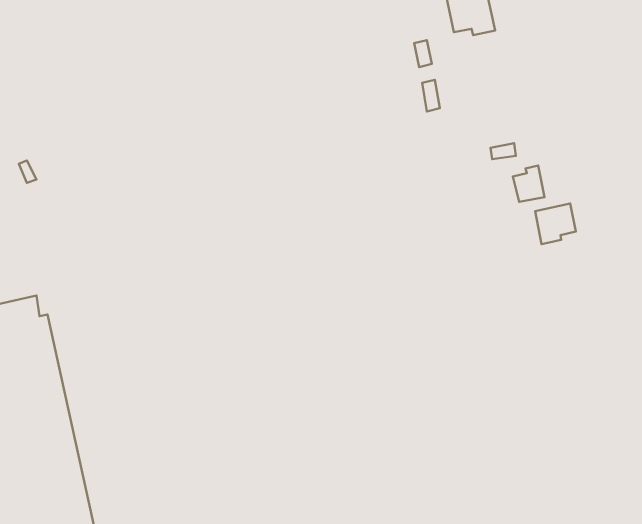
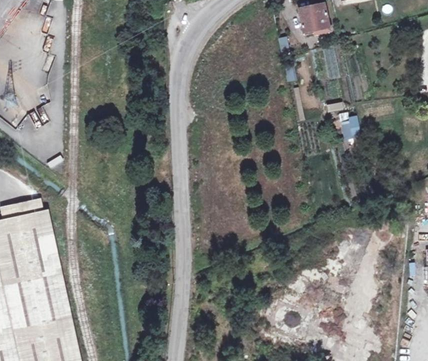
building: [535,204,576,244] -> none

